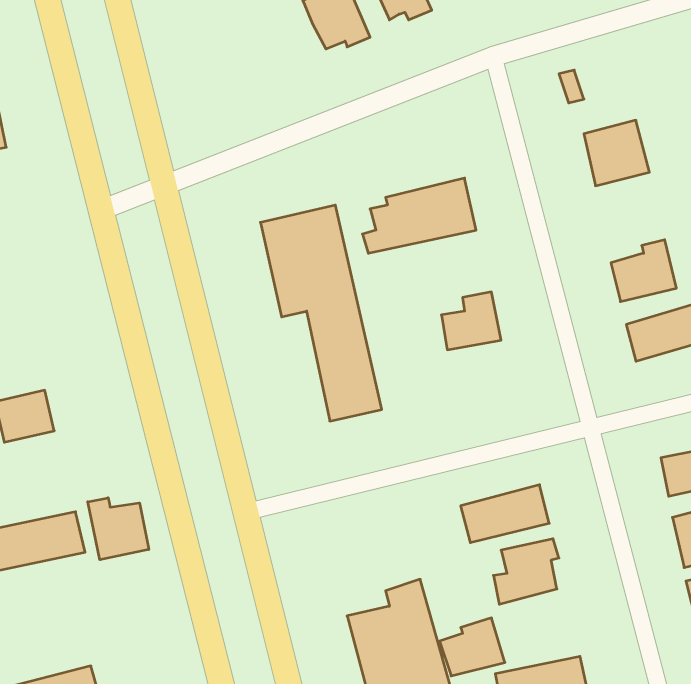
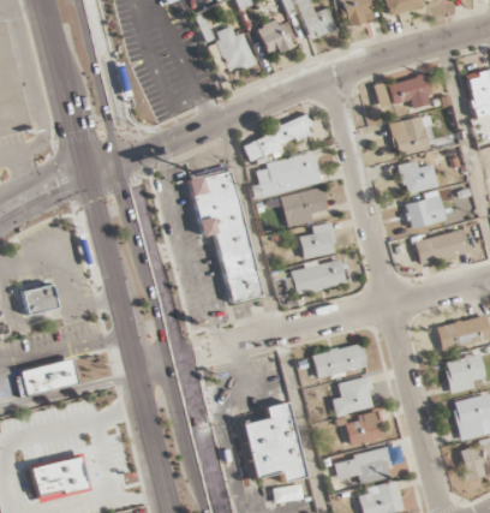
building: none -> [388,74,434,108]
building: none -> [241,117,313,161]
building: none -> [400,160,440,193]
building: none -> [281,187,328,227]
building: none -> [291,258,346,294]
building: [88,498,149,560] -> none
building: [440,618,505,676] -> [345,410,386,446]

